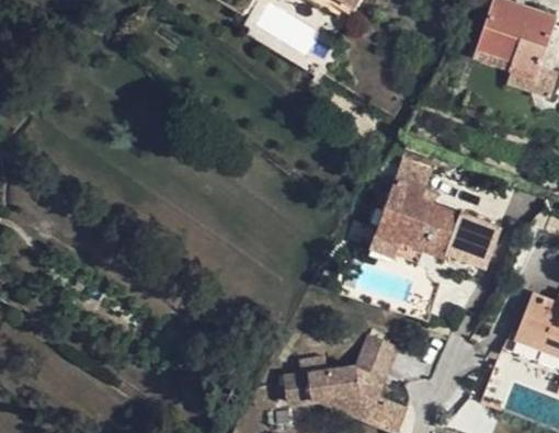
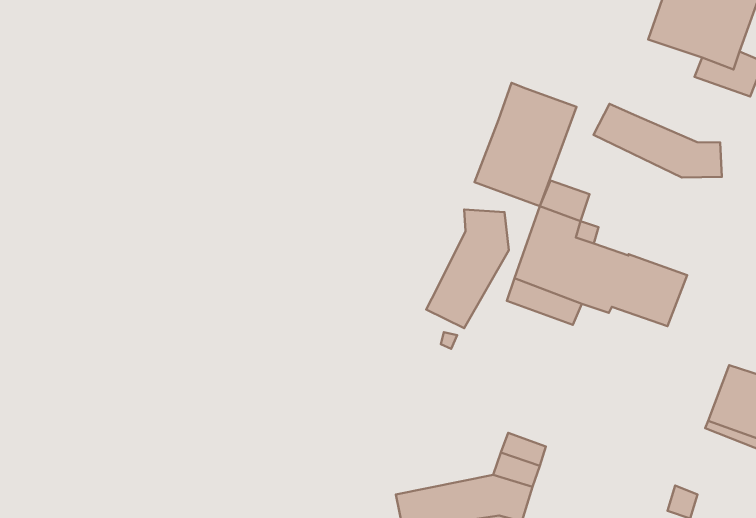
building: none -> [475,83,577,206]
building: none -> [594,104,722,178]
building: none -> [426,209,509,328]

